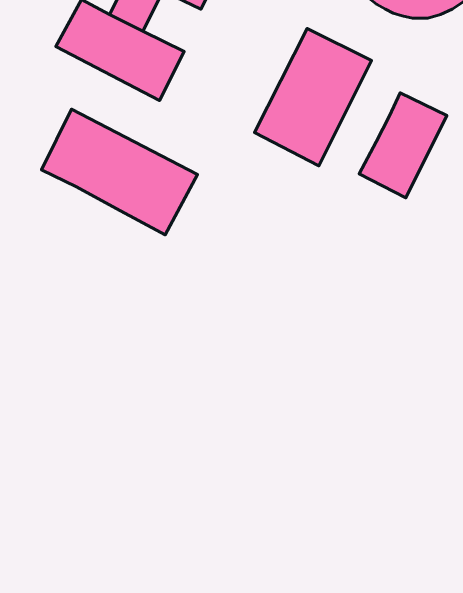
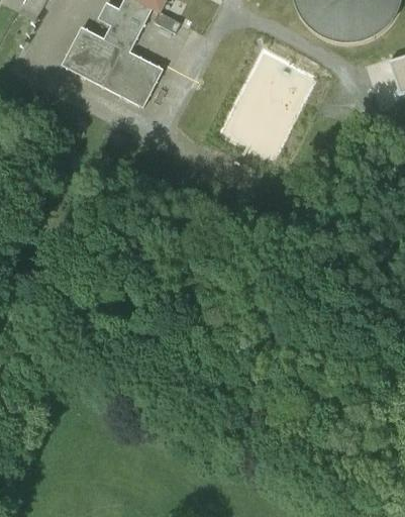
building: [359,93,447,198] -> none
building: [41,109,197,235] -> none

